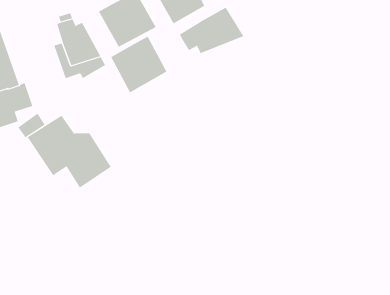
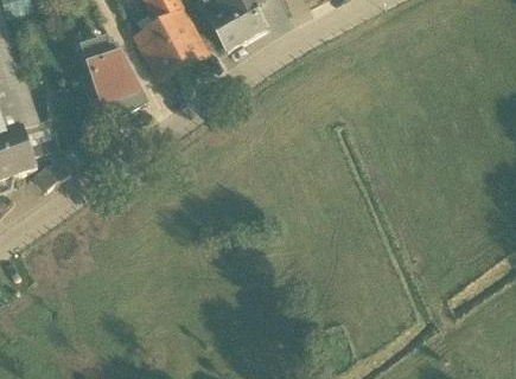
building: [179,7,244,54] -> none
building: [110,36,167,93] -> none
building: [27,115,112,189] -> none

